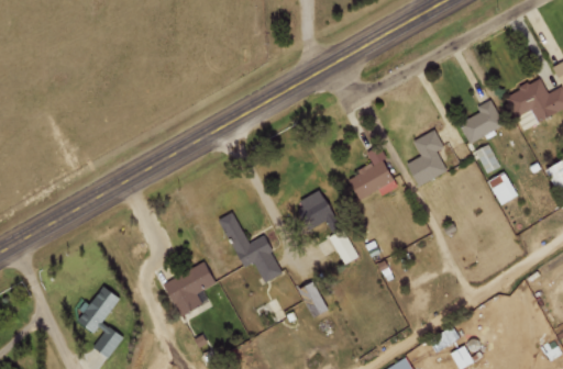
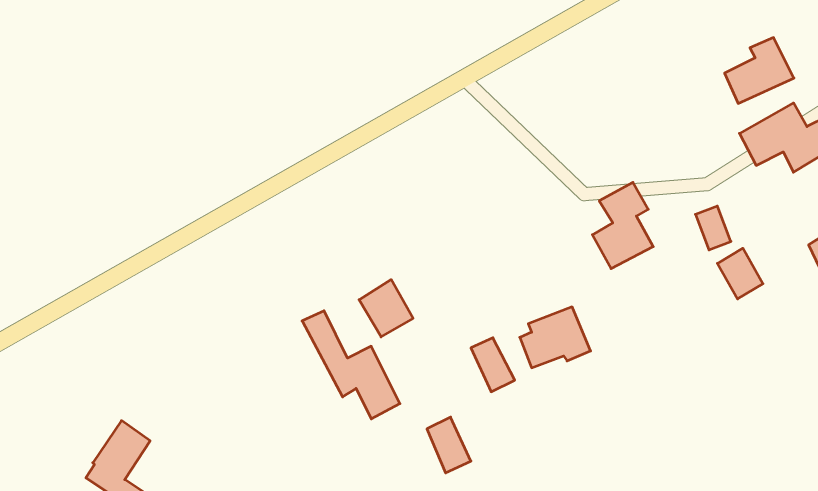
building: [460,100,505,143] -> [725,38,794,103]
building: [351,159,397,199] -> [520,307,591,368]
building: [299,189,334,226] -> [359,280,413,337]
building: [164,262,217,317] -> none

